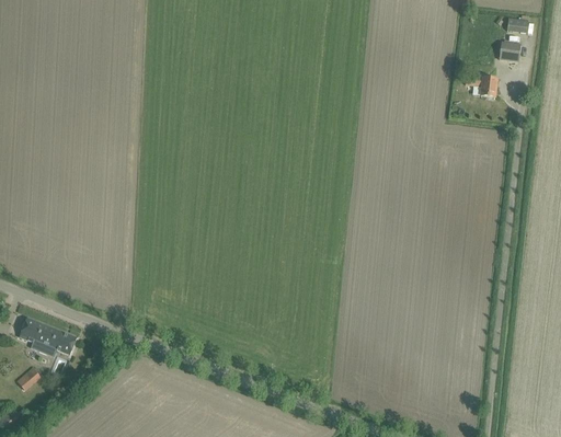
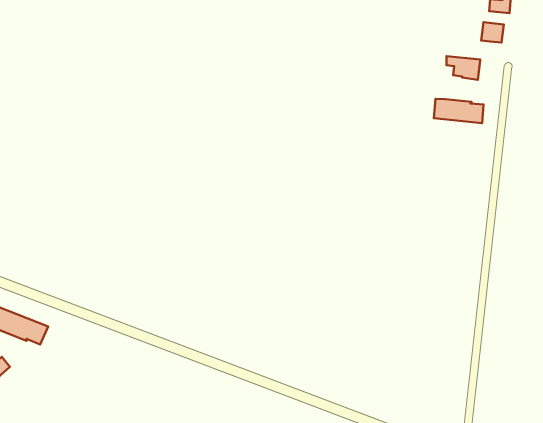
building: none -> [434,99,483,123]

